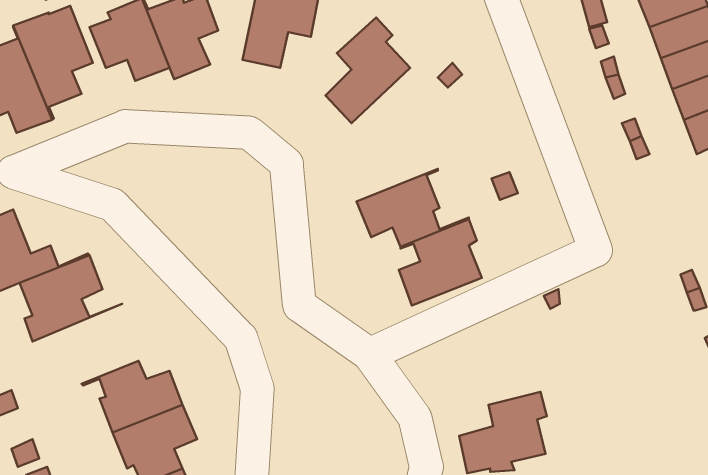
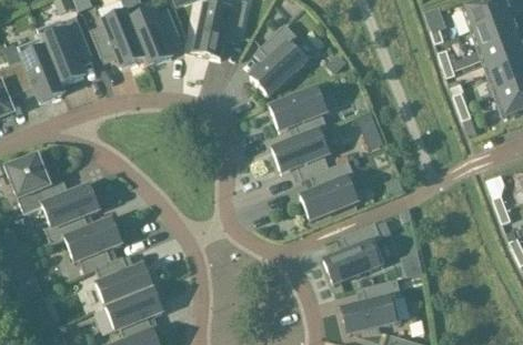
building: none -> [270,85,328,148]
building: none -> [51,217,123,272]
building: none -> [324,221,385,283]

